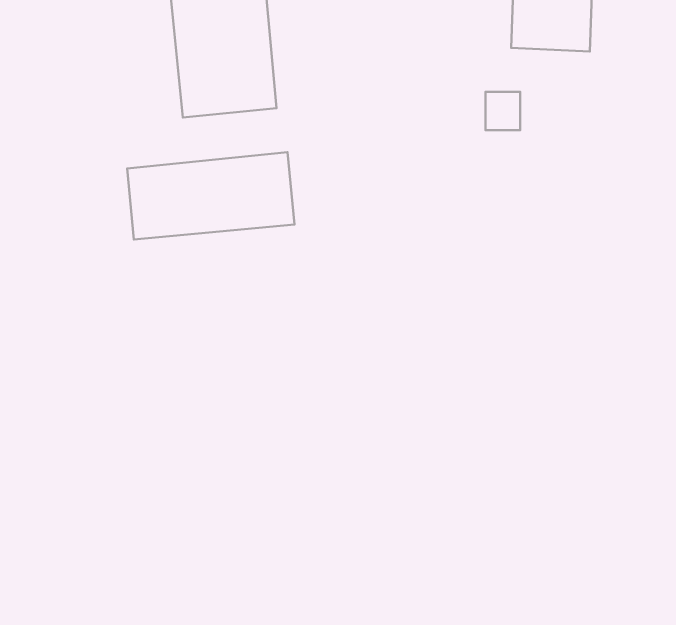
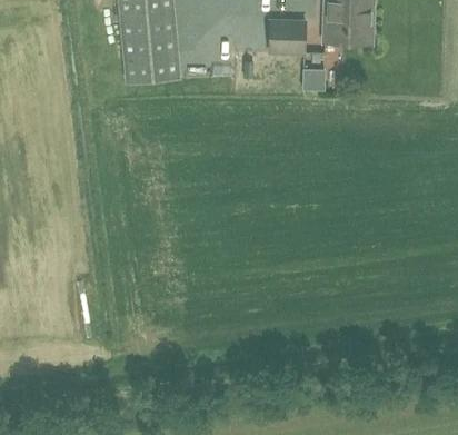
building: none -> [267,18,306,55]
building: [127,152,294,239] -> none

